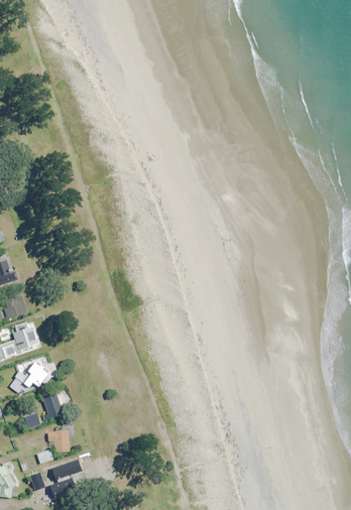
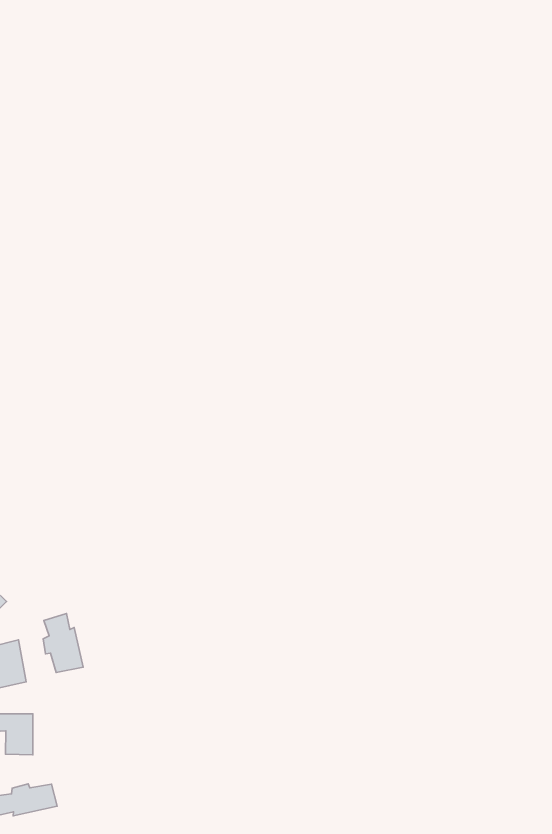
building: none -> [43,613,83,672]

